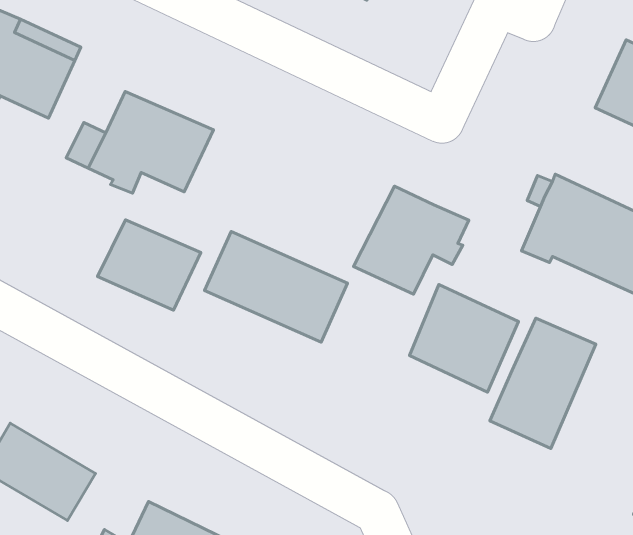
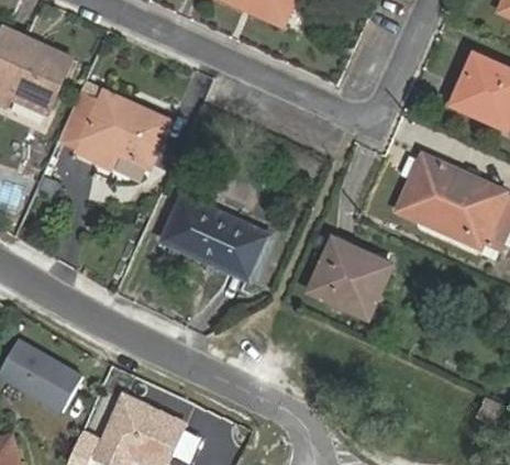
building: [354,186,469,294] -> none
building: [98,220,201,310] -> none
building: [490,318,596,448] -> none

